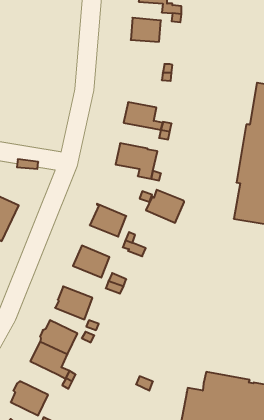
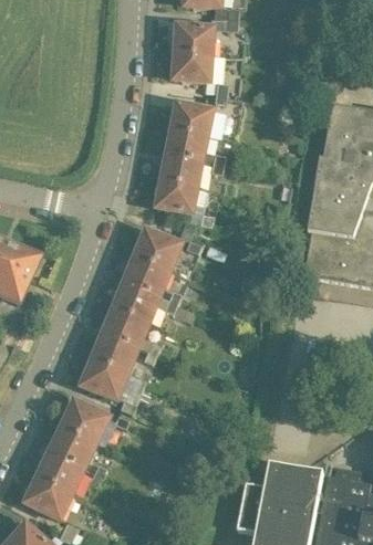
building: none -> [173,52,209,81]
building: none -> [170,103,210,136]
building: none -> [160,155,200,187]
building: [146,190,184,223] -> [132,230,179,271]
building: none -> [113,282,158,322]
building: none -> [90,333,137,373]
building: none -> [37,451,83,493]

